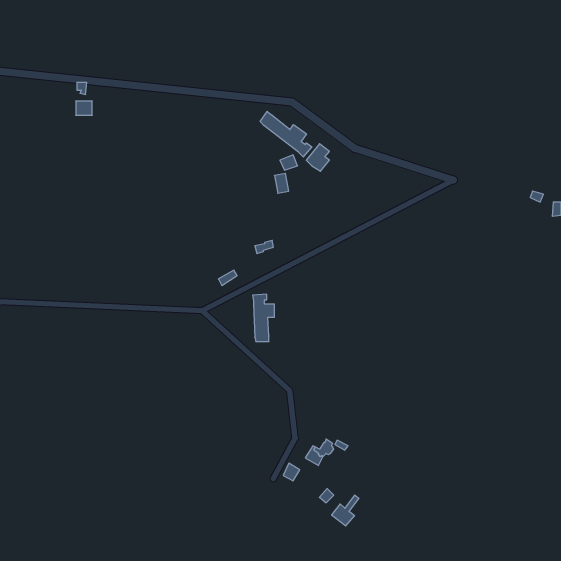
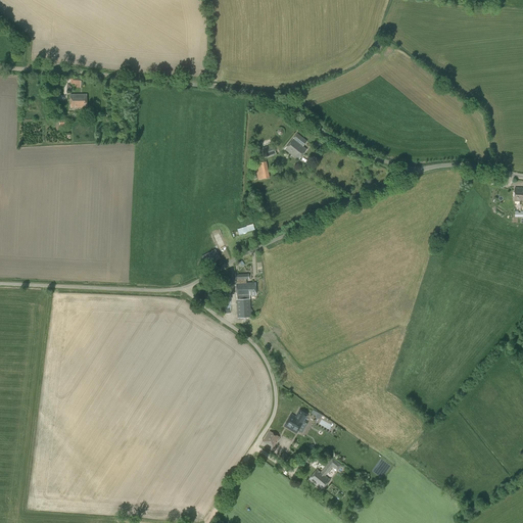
building: [260,111,312,157] -> none

